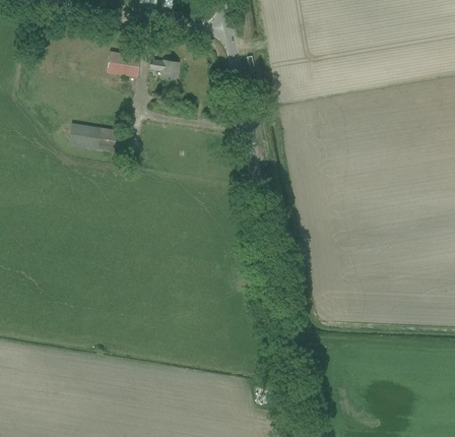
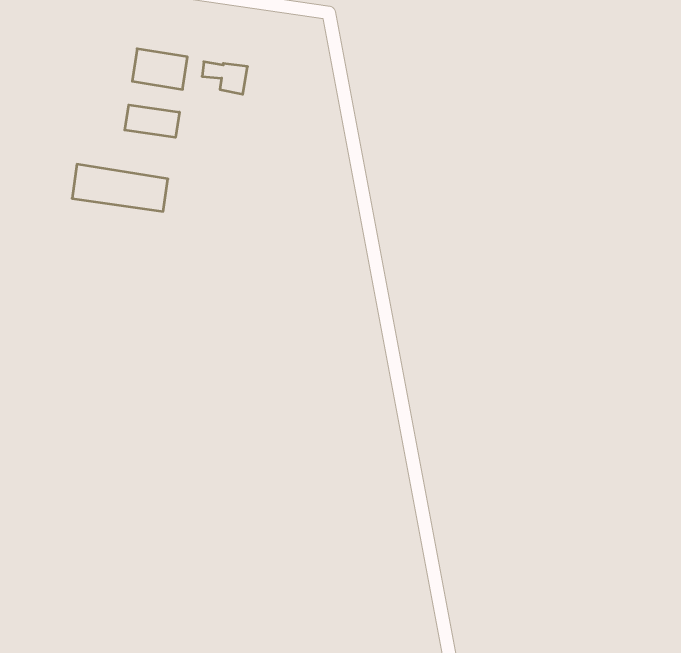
building: none -> [125,105,179,137]

